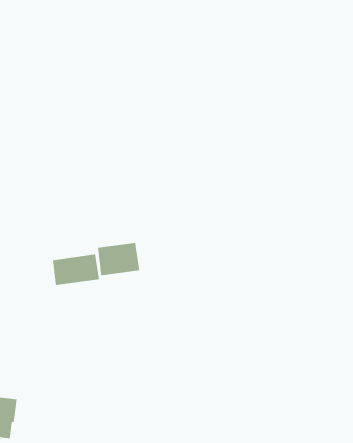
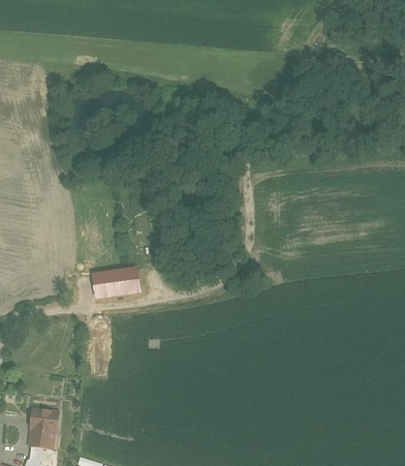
building: [98,242,140,276] -> none

